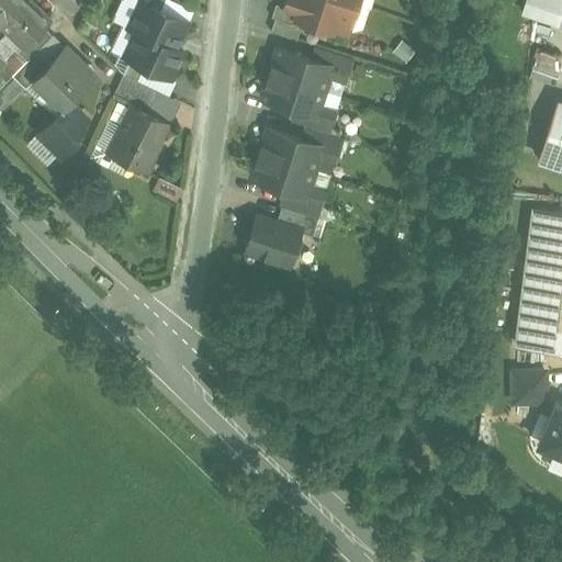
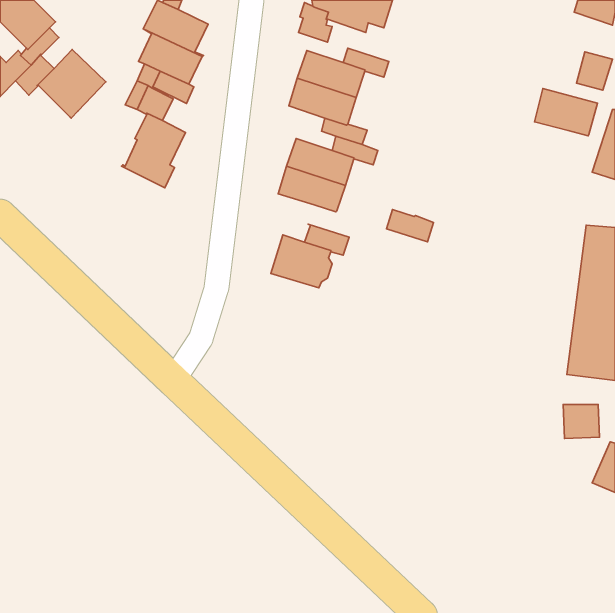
building: none -> [535,88,598,136]
building: [41,103,89,156] -> none
building: [281,189,324,218] -> [387,209,434,242]

